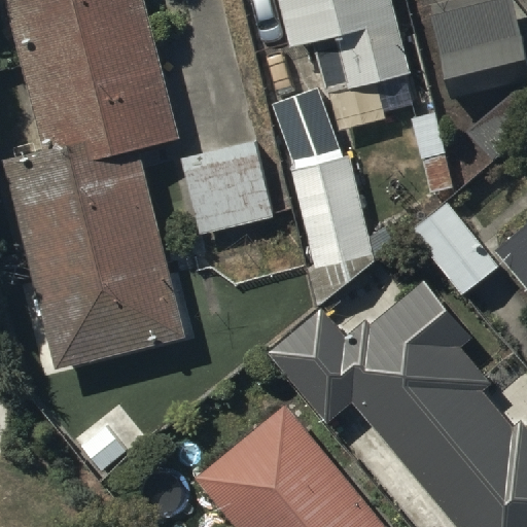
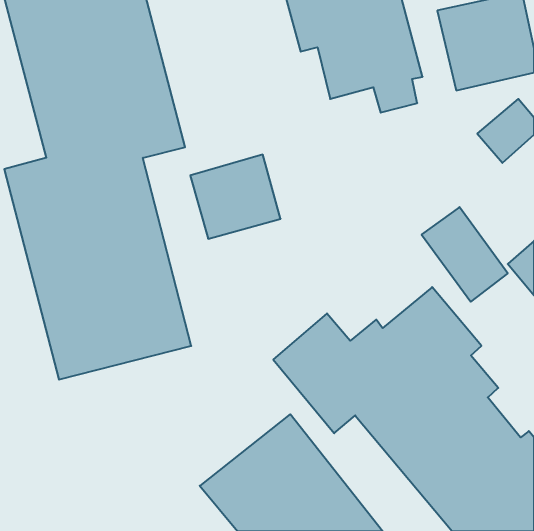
building: [290,132,372,269] -> none

